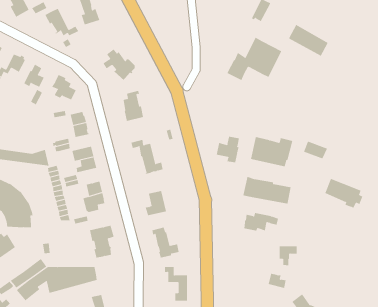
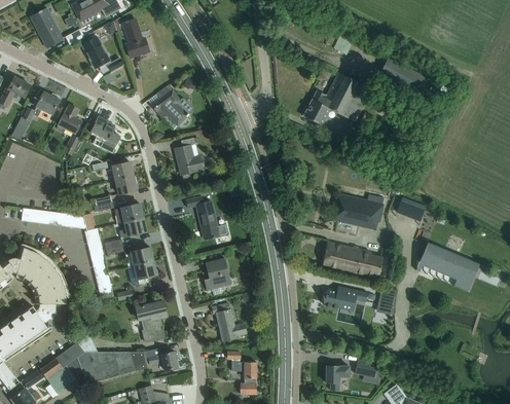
building: [216,136,240,163] -> none
building: [279,246,298,266] -> [326,366,349,391]
building: none -> [143,347,178,370]

